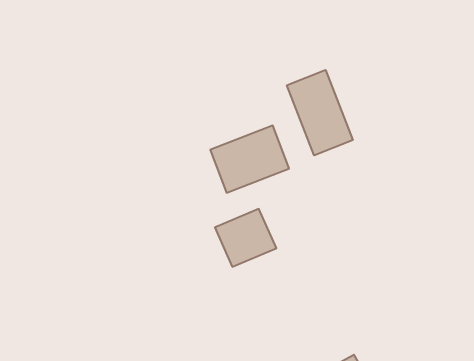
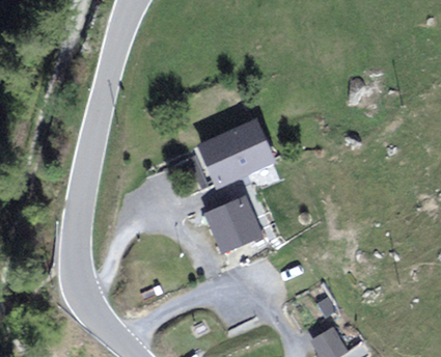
building: [287,70,353,155] -> none

